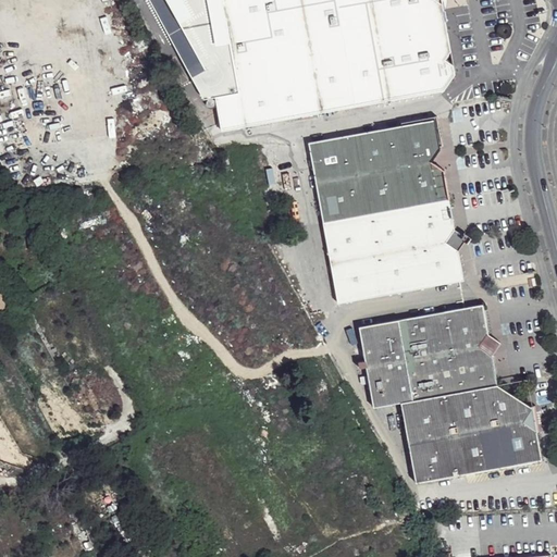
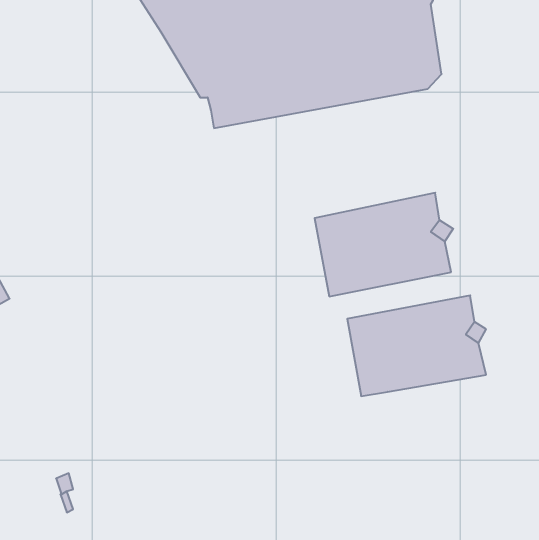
building: [307,119,447,224] -> none
building: [398,385,540,480] -> none

